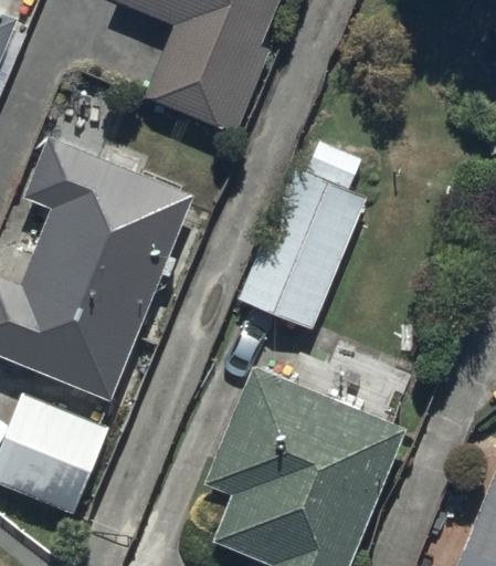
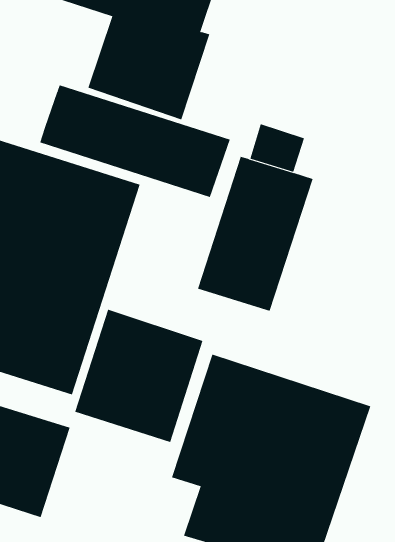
building: none -> [39,84,230,198]
building: none -> [75,309,203,443]

